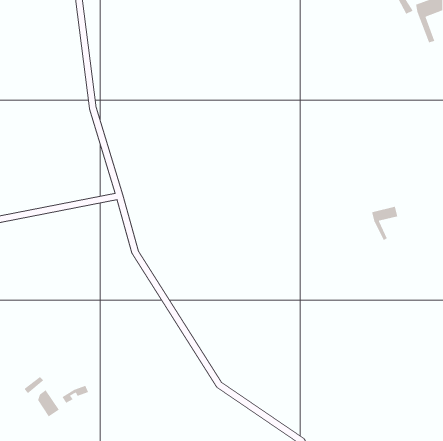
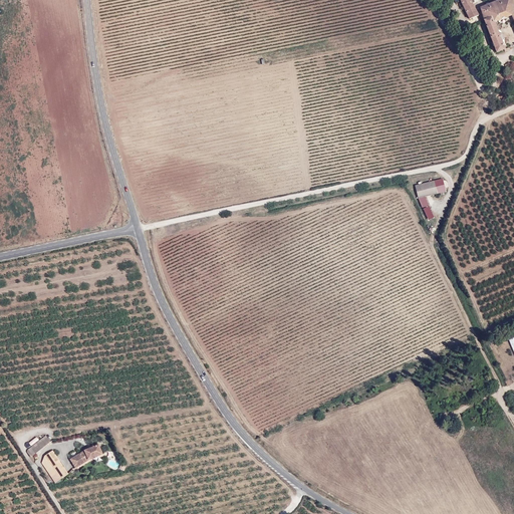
building: [371,206,398,241] -> [415,177,446,218]

